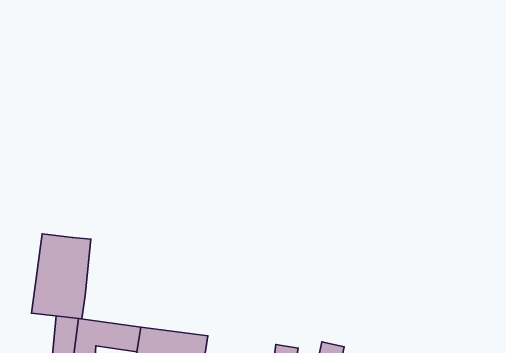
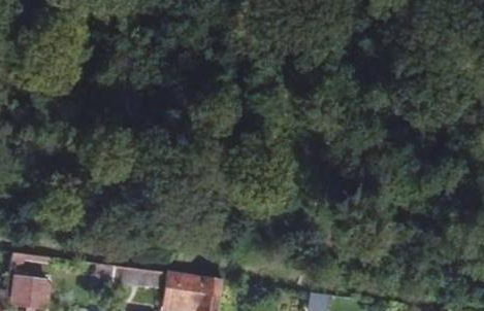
building: [32,234,91,319] -> none

